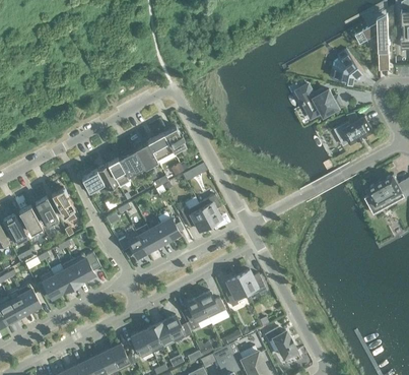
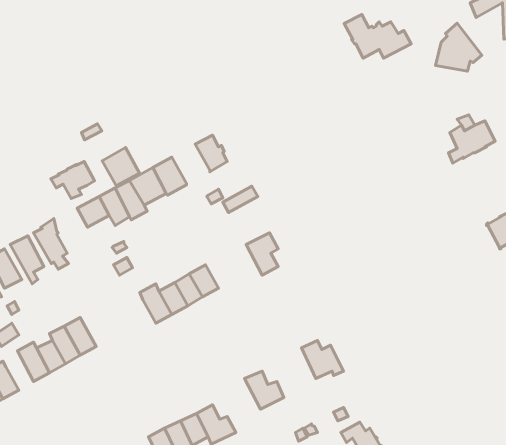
building: [295,86,342,117] -> [344,15,411,58]
building: [146,134,173,162] -> [102,148,140,187]
building: none -> [51,162,94,199]
building: [179,204,209,232] -> none
building: [224,276,247,308] -> none
building: [183,298,208,331] -> none

